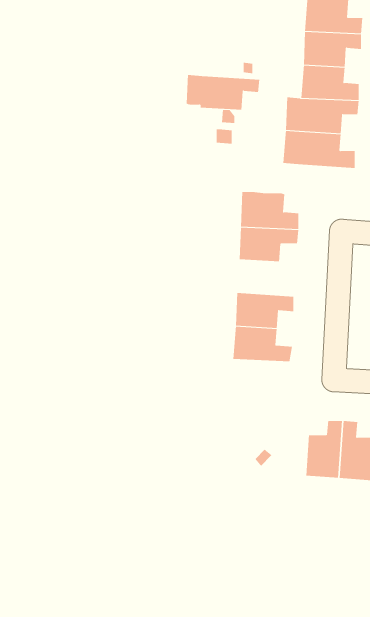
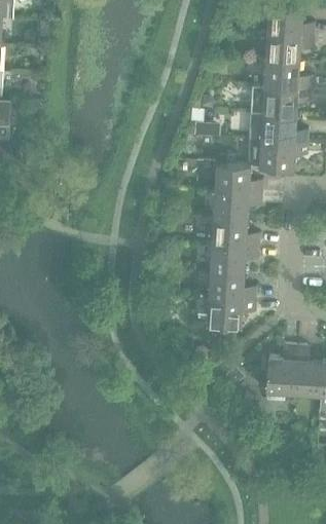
building: [186,74,260,110] -> [248,140,307,169]
building: none -> [212,217,259,247]
building: none -> [208,297,255,327]

